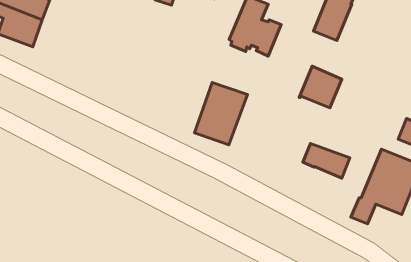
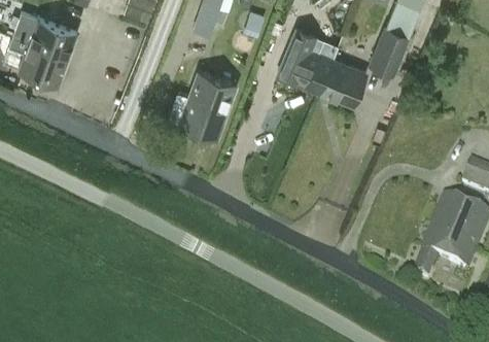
building: [299,66,342,108] -> [318,59,365,105]
building: [194,83,247,145] -> [178,70,237,139]
building: [303,144,350,178] -> none

